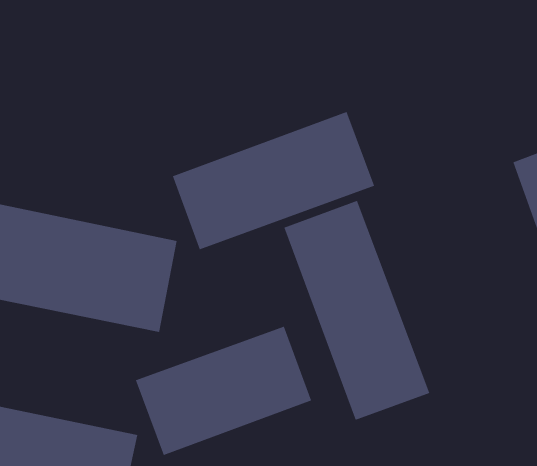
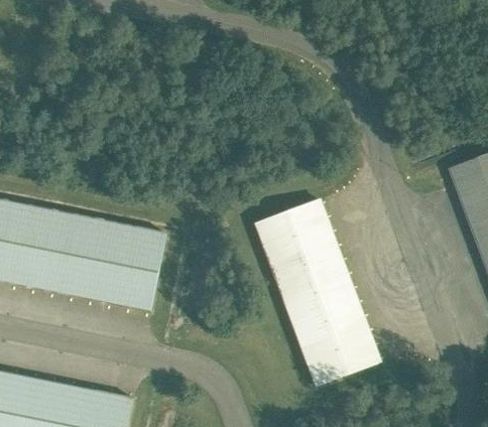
building: [172,111,375,250] -> none
building: [135,326,312,456] -> none

